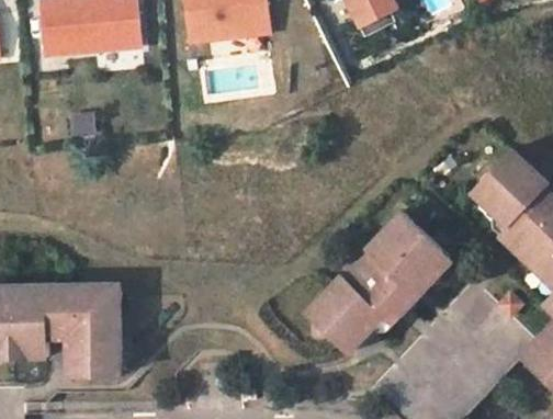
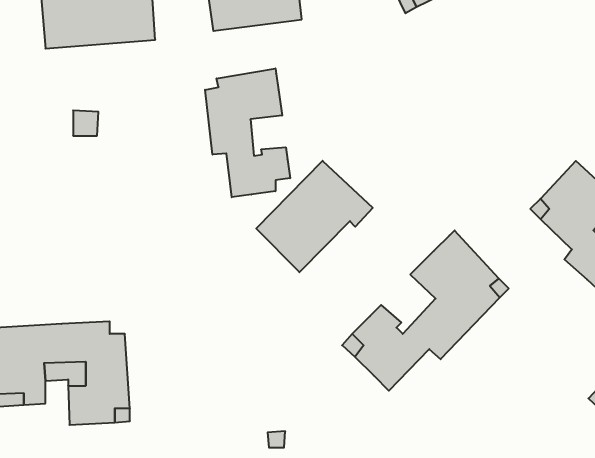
building: none -> [205,68,290,197]
building: none -> [256,161,373,272]
building: [339,251,386,303] -> none

